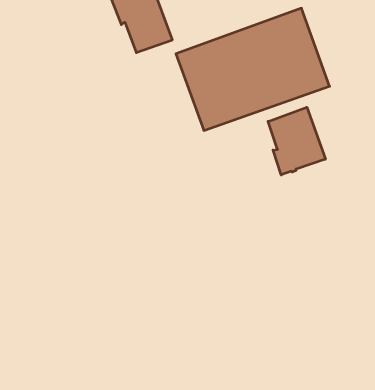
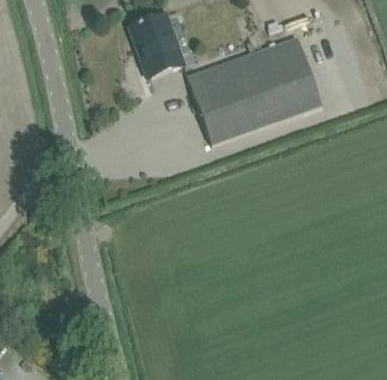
building: [268,107,325,175] -> none

